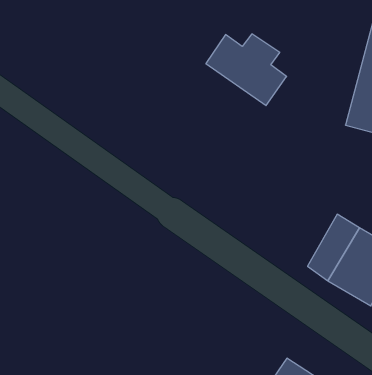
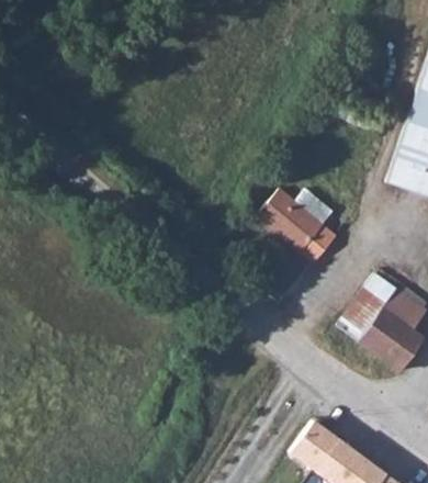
building: [206,34,287,106] -> [256,188,338,263]

